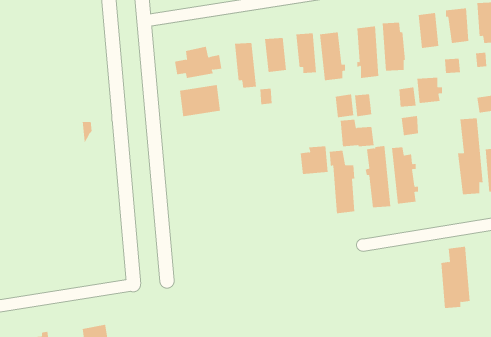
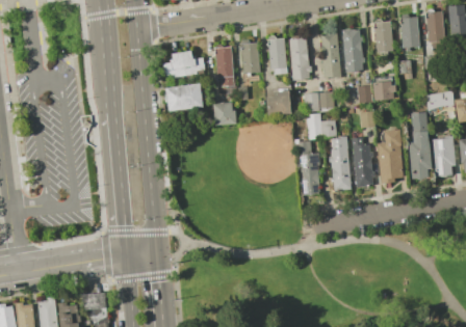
building: none -> [213,102,236,125]
building: [300,146,329,175] -> [266,90,291,115]
building: [441,246,471,308] -> [377,129,403,183]

